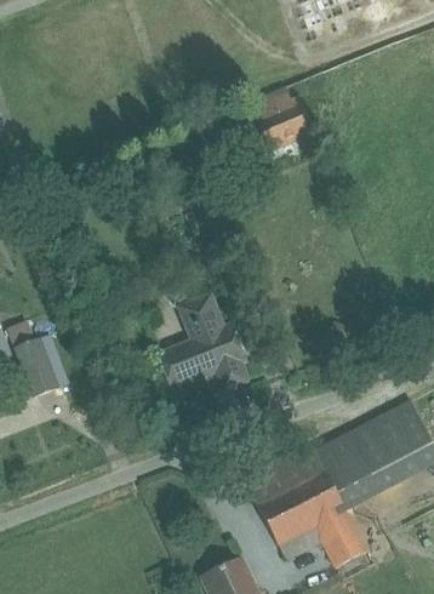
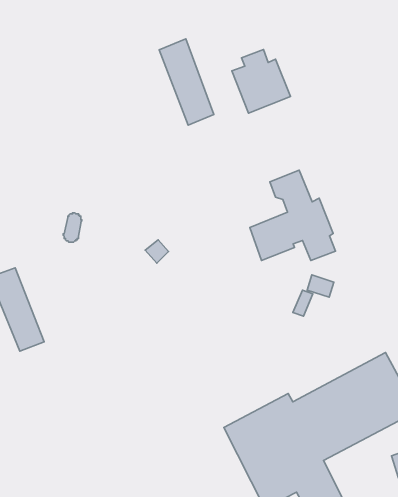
building: none -> [159,39,214,125]
building: [160,293,249,387] -> [250,170,335,260]

